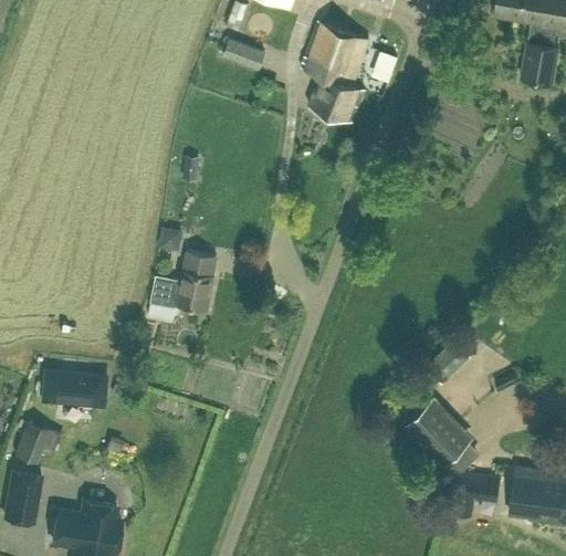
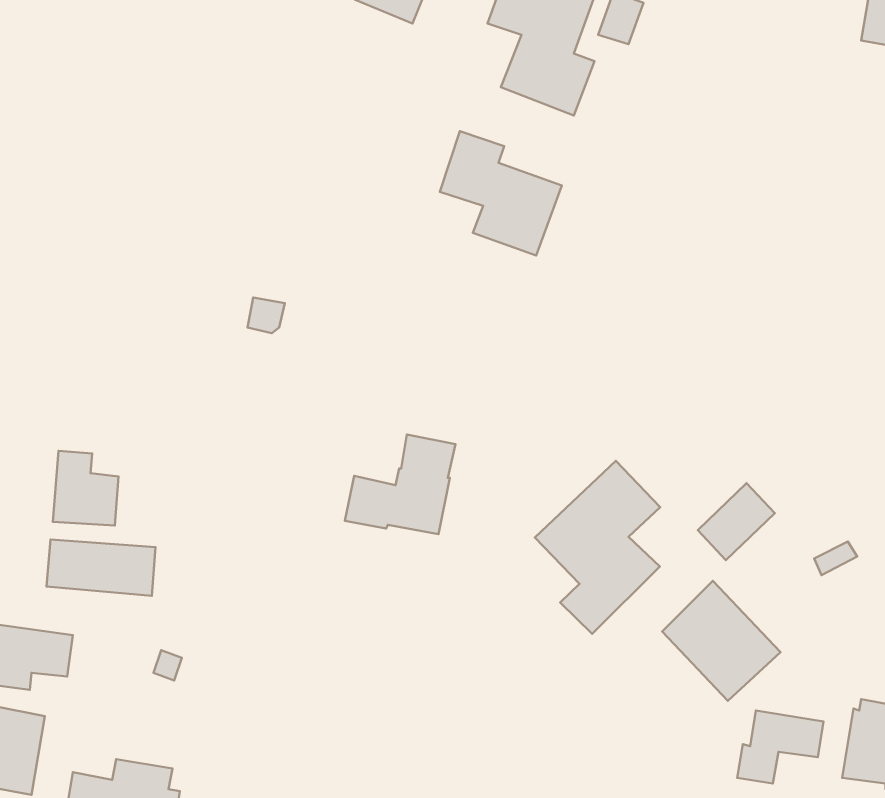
building: none -> [440,131,562,255]
building: [151,252,217,311] -> [345,435,455,534]
building: none -> [53,451,118,525]
building: none -> [535,461,660,634]

